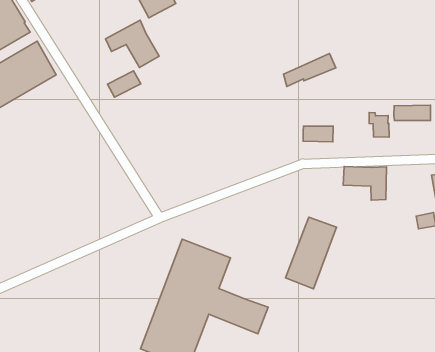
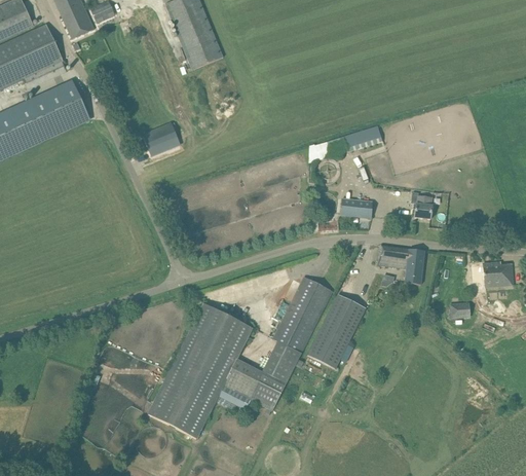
building: [106,20,159,68] -> none
building: [394,105,431,121] -> none
building: none -> [262,277,332,383]

